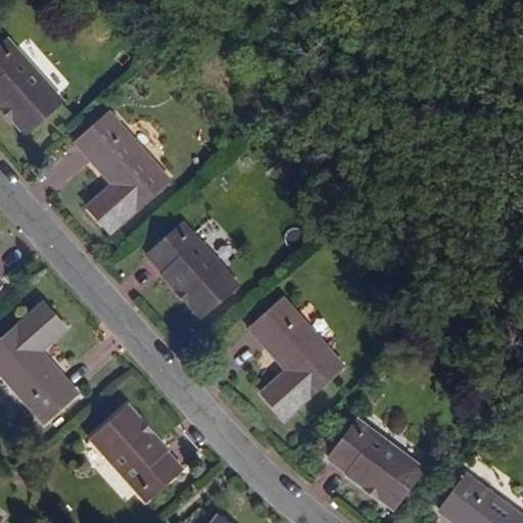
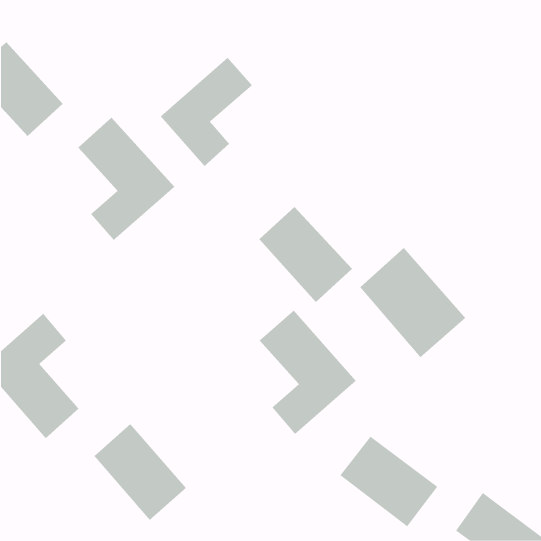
building: none -> [160,57,253,167]
building: [147,223,238,316] -> [258,206,353,303]
building: none -> [359,247,466,358]

